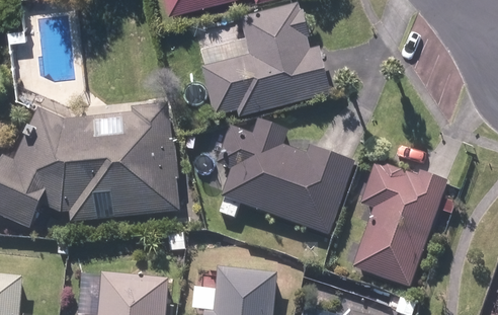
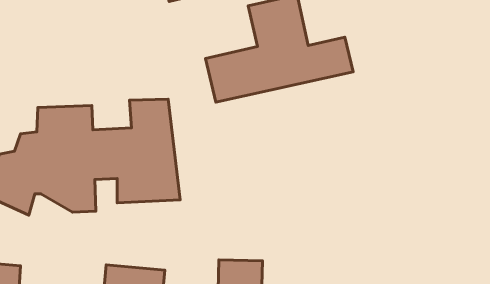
building: [218,121,347,232] -> none
building: [355,164,441,286] -> none

